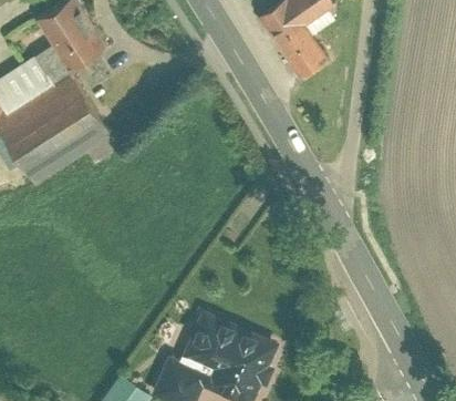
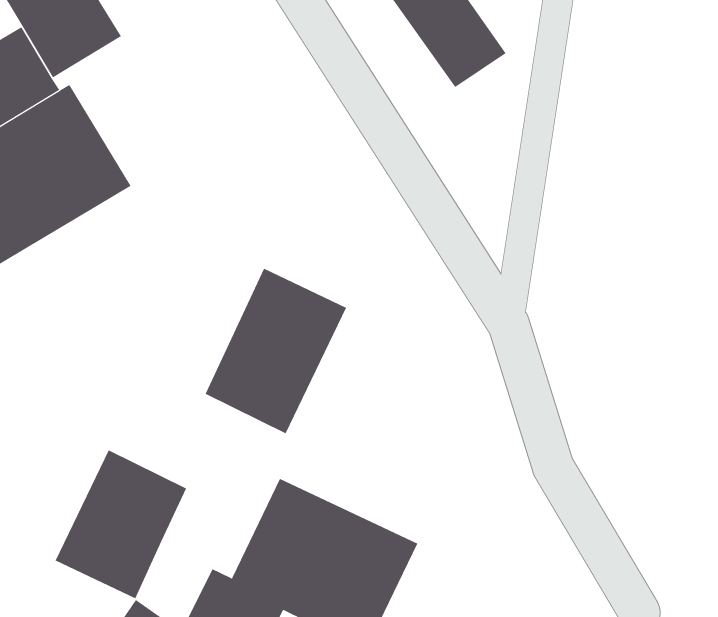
building: none -> [205,268,347,434]
building: none -> [55,449,187,599]

